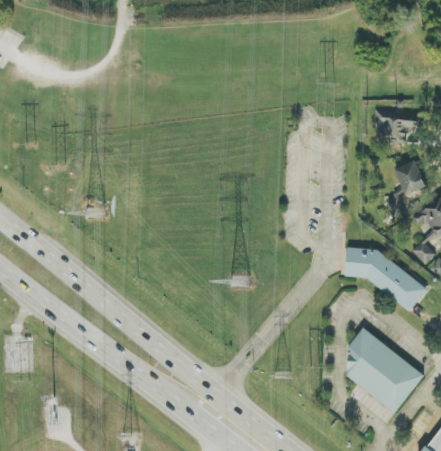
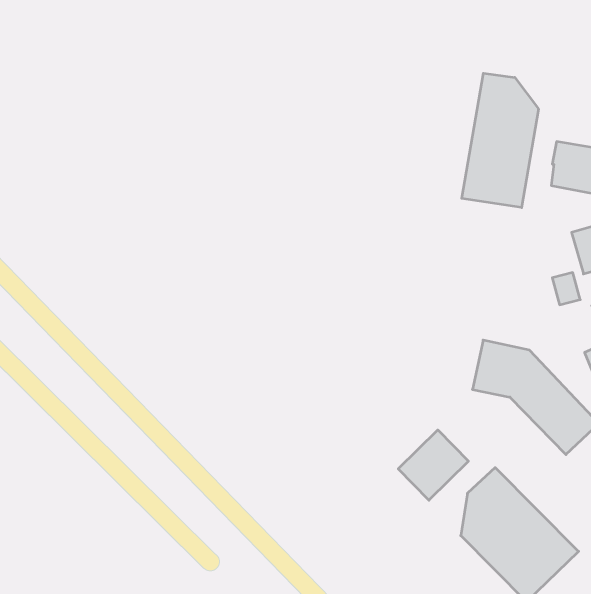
building: none -> [462,73,538,208]
building: none -> [398,430,468,500]

